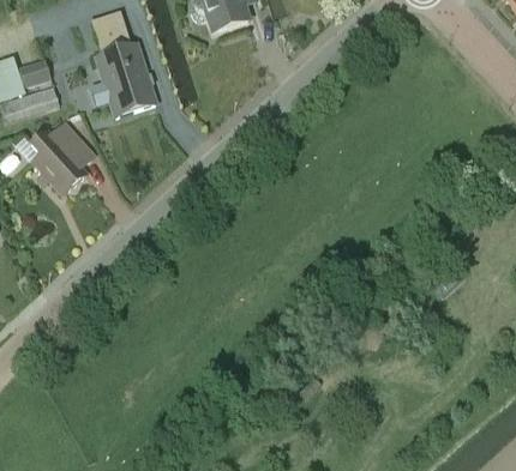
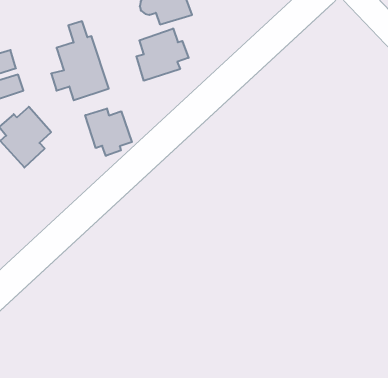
building: none -> [136,28,189,81]
building: none -> [85,108,132,156]

